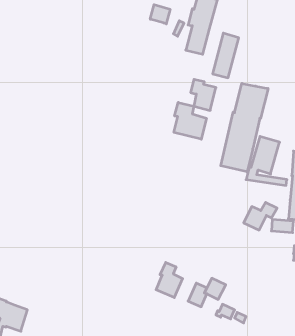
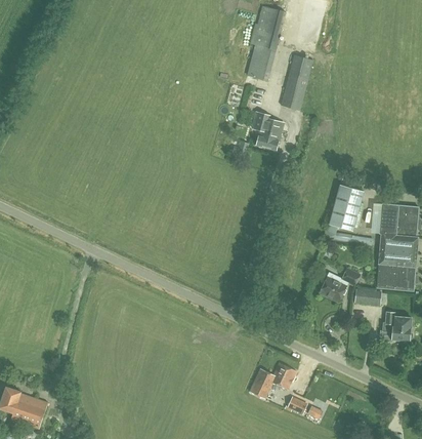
building: [150,5,170,24] -> none
building: [221,83,268,172] -> none
building: [174,102,206,139] -> none
building: [156,262,183,298] -> none

